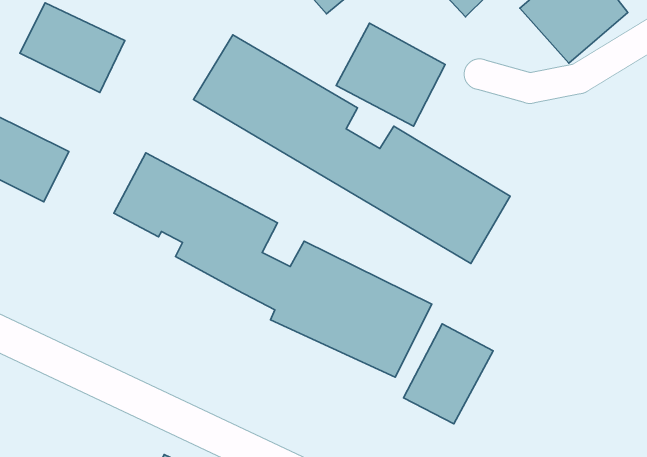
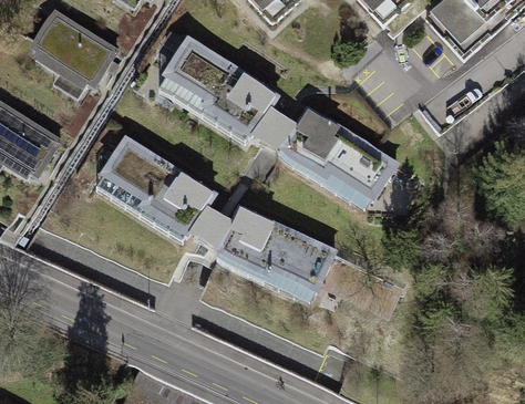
building: [336,23,445,126] -> none
building: [403,324,493,424] -> none

